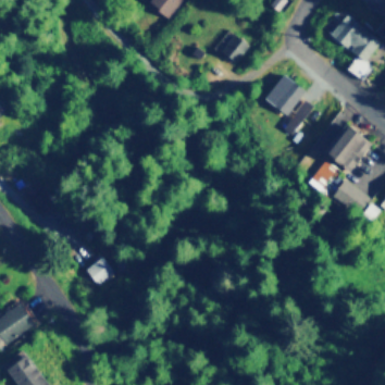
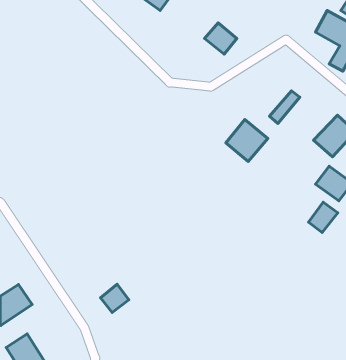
building: [265,75,309,119] -> [226,120,268,162]
building: [307,162,337,194] -> [308,202,338,233]
building: [85,256,114,285] -> [101,284,129,313]

